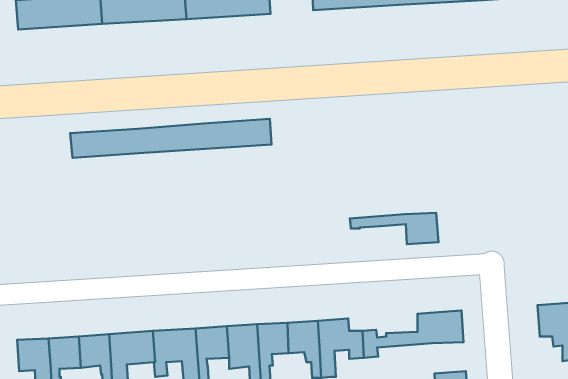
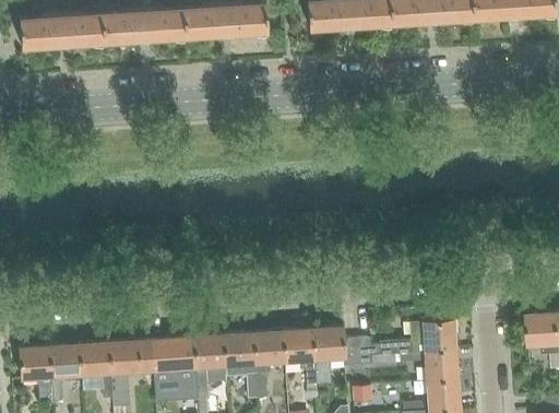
building: [70,119,272,158] -> none
building: [350,213,438,244] -> [371,352,457,382]

